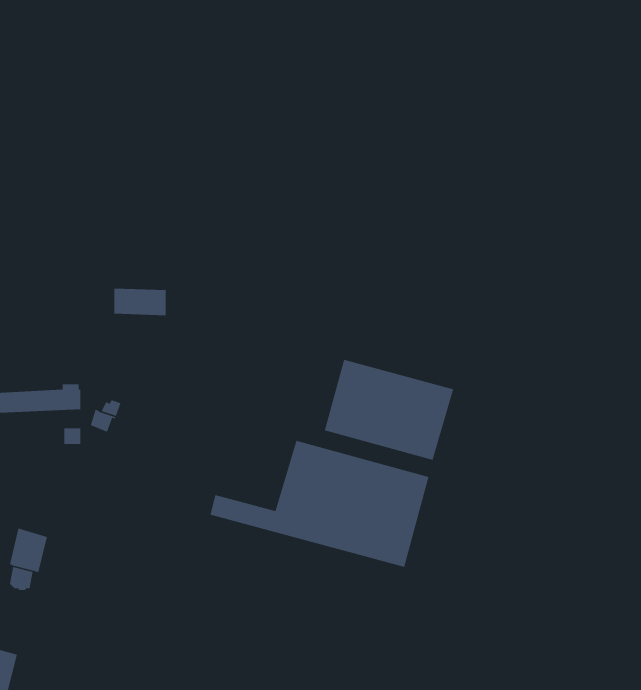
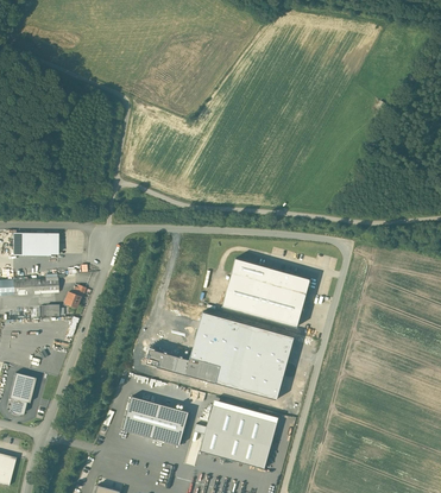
building: [114,288,166,316] -> [14,233,50,252]
building: none -> [122,396,189,444]
building: none -> [200,399,278,468]

